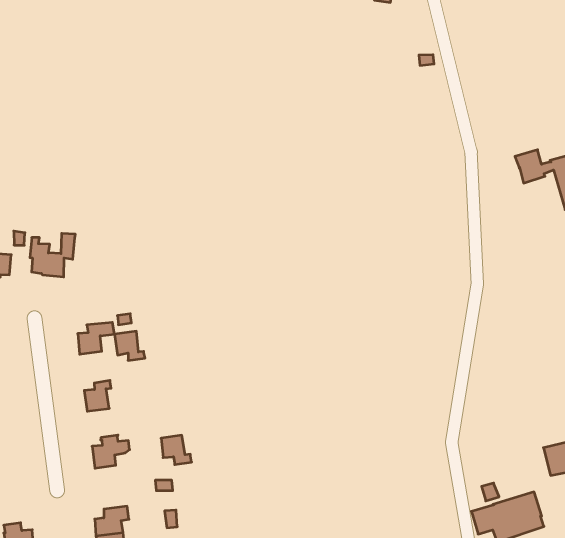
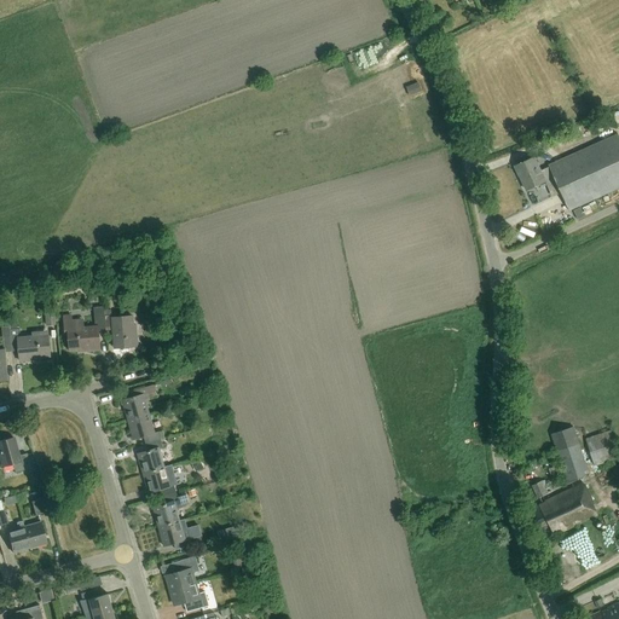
building: none -> [106,310,138,347]
building: [114,331,145,360] -> [128,413,161,442]
building: none -> [144,467,177,496]
building: none -> [551,427,589,485]
building: [161,435,192,465] -> [160,520,192,549]

